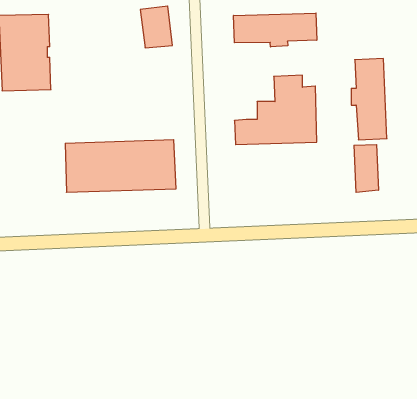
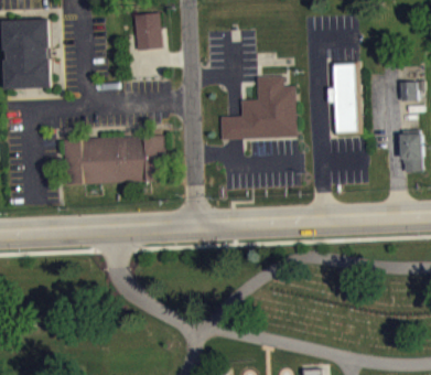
building: [234,13,317,47] -> none
building: [354,145,378,192] -> none

